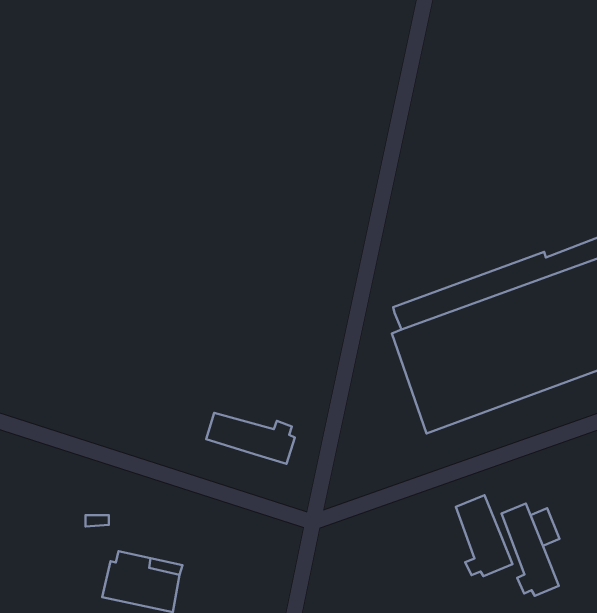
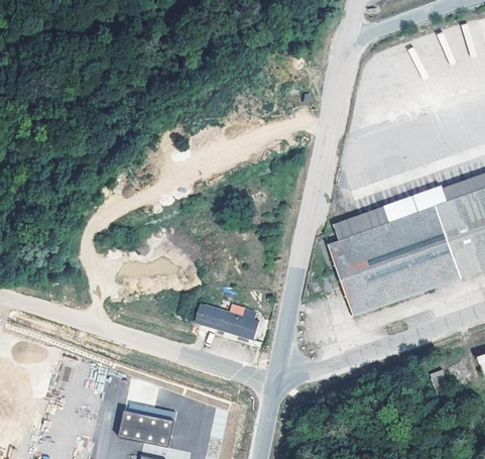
building: [456,495,512,576] -> none
building: [502,504,559,596] -> none

